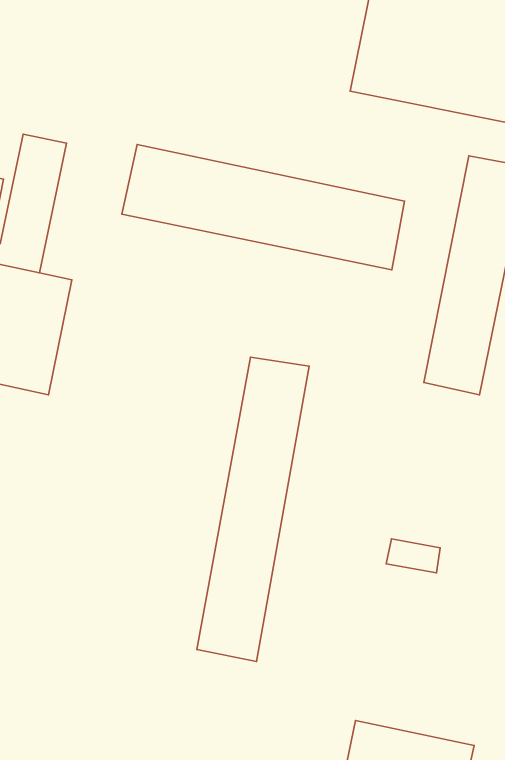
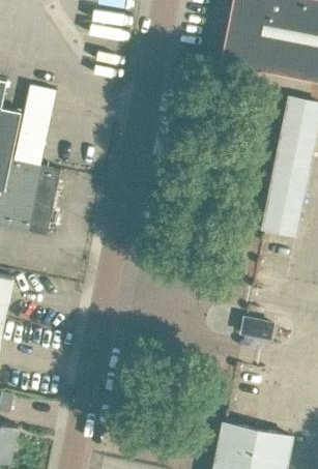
building: [122,144,405,270] -> none
building: [197,357,309,661] -> none

